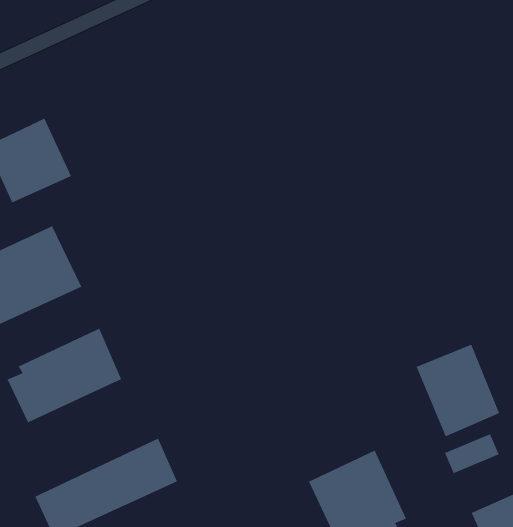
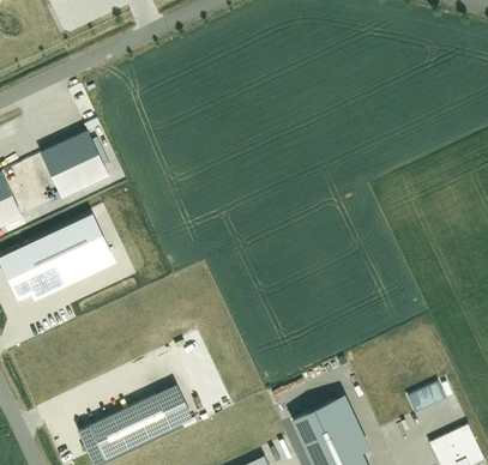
building: [7,328,122,423] -> none
building: [416,344,500,437] -> none

